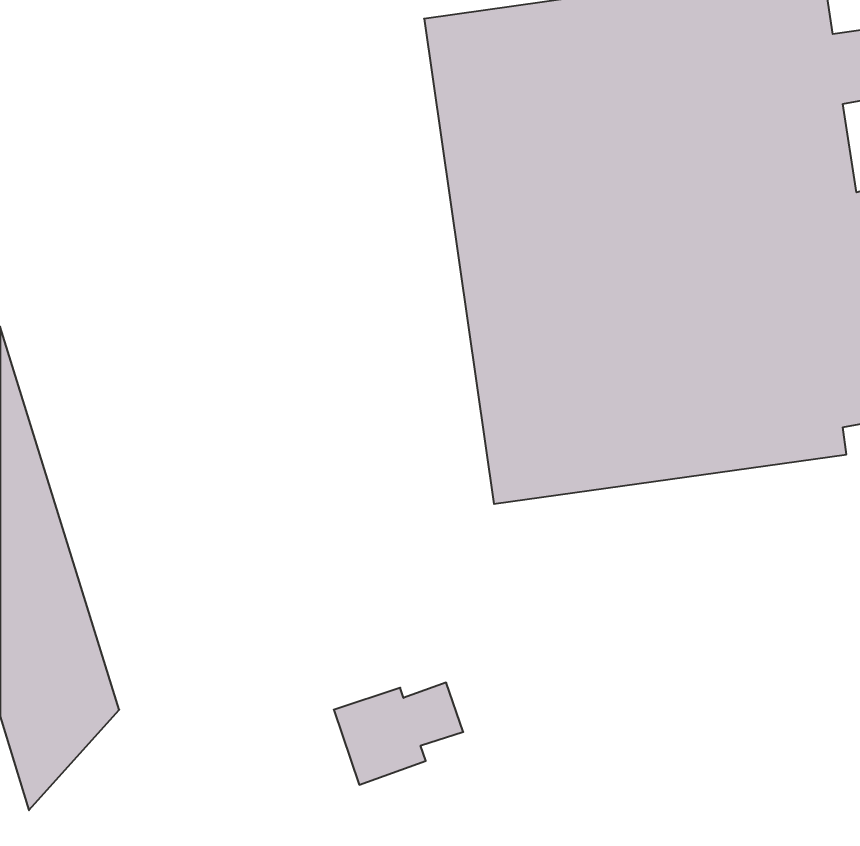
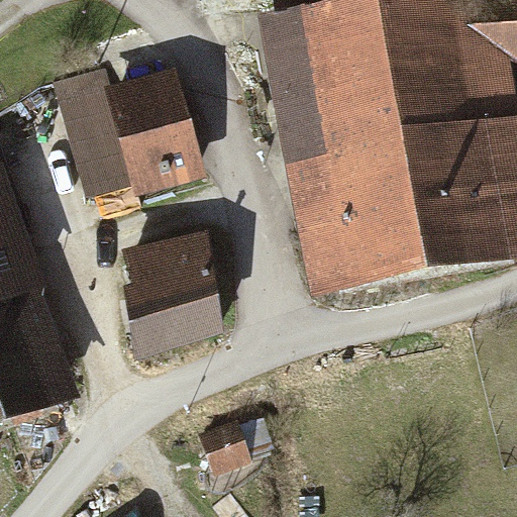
building: none -> [47,57,208,198]
building: none -> [127,218,231,353]

